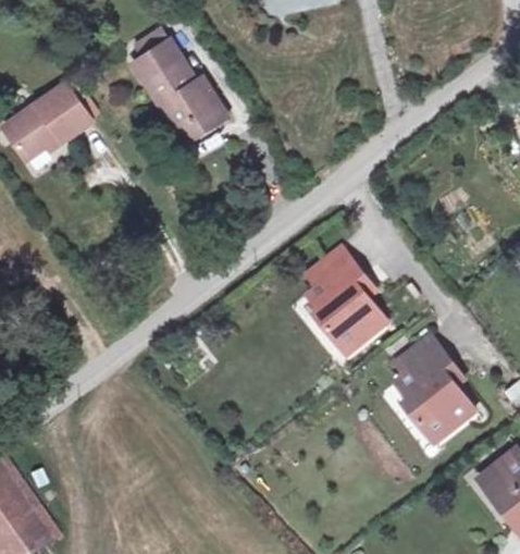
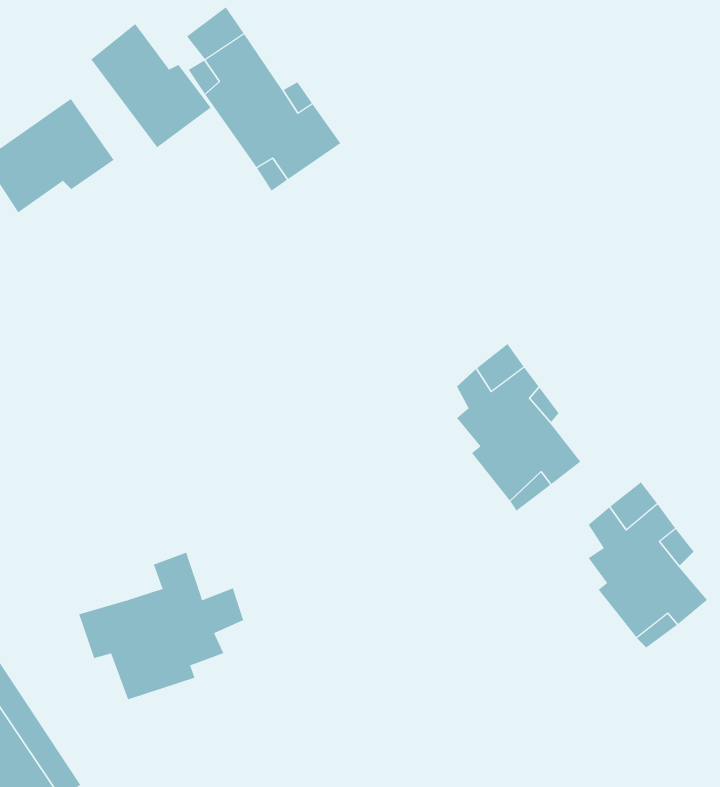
building: none -> [91,23,211,148]
building: none -> [78,552,244,700]

